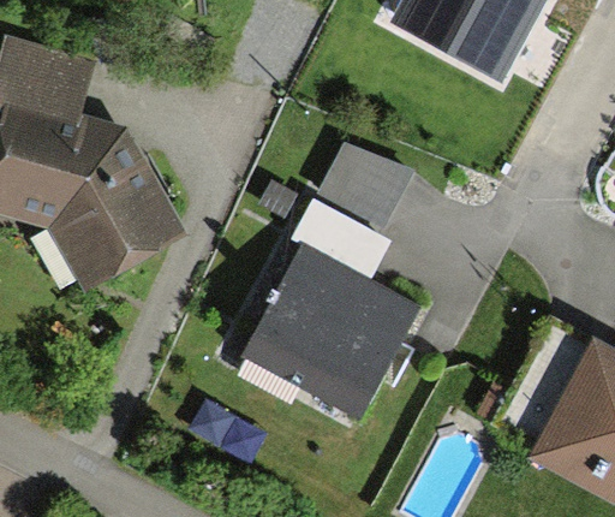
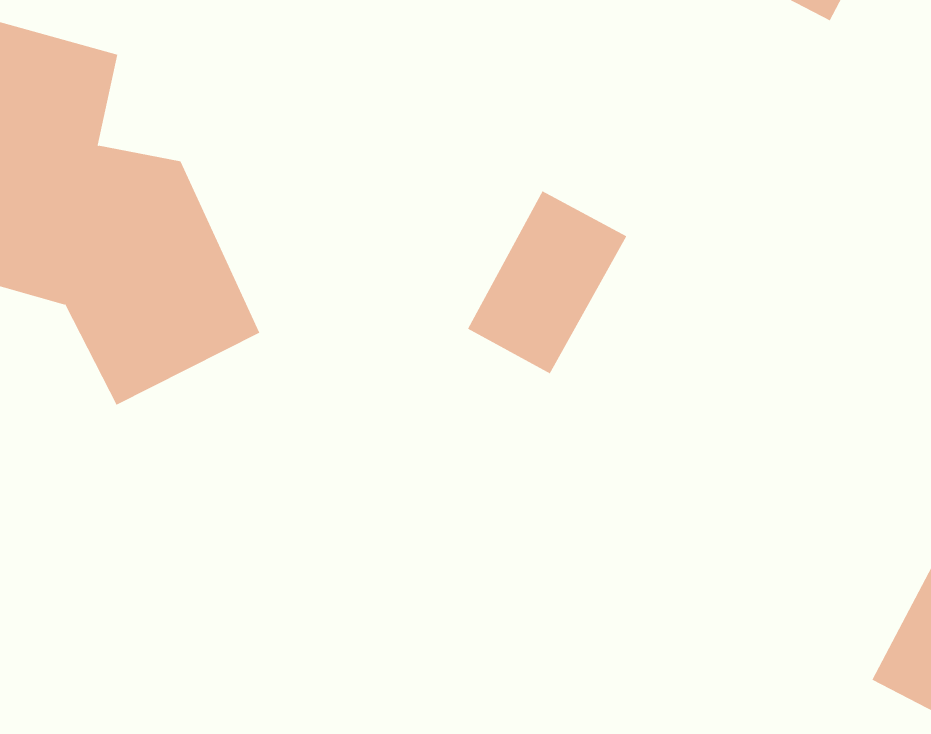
building: [246,261,400,410] -> none

